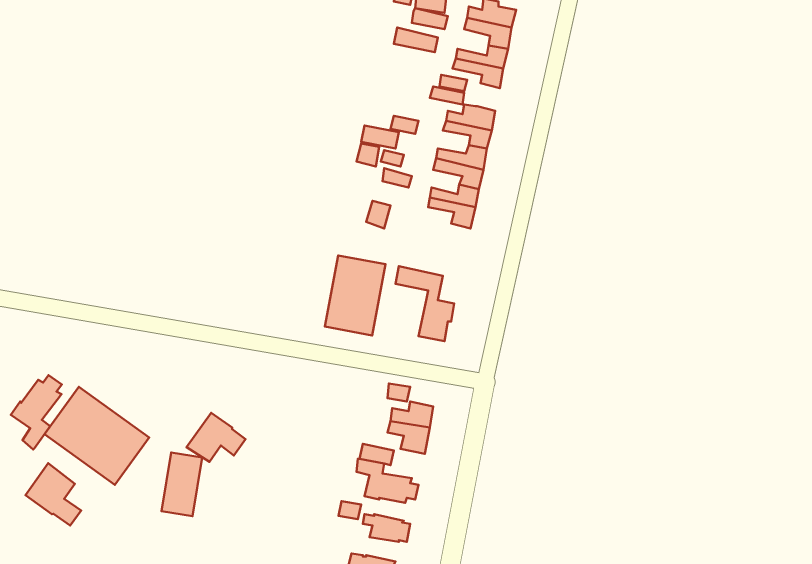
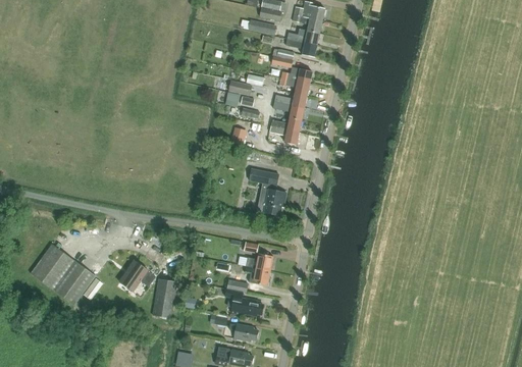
building: [325,255,385,335] -> none
building: [11,375,62,449] -> none
building: [161,452,202,516] -> [151,278,176,318]
building: [26,463,81,525] -> none

